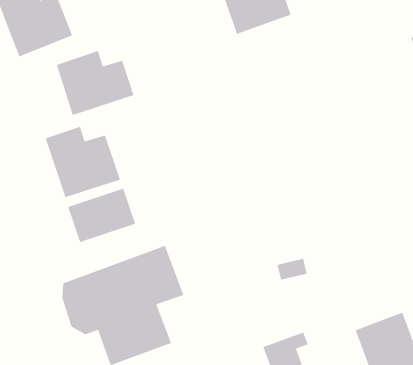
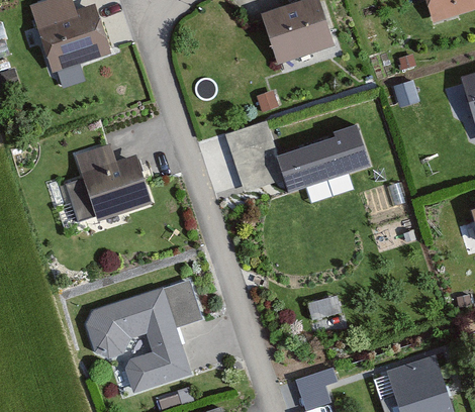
building: [56,50,134,116] -> none
building: none -> [220,120,366,195]
building: [67,188,136,243] -> none

